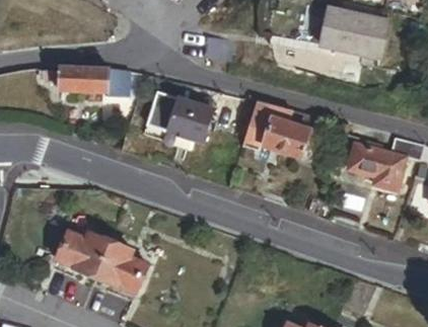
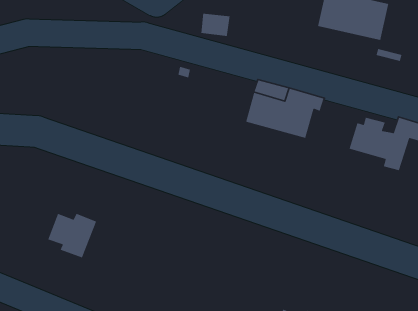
building: [43,68,131,97] -> none
building: [148,91,215,145] -> none
building: [88,236,140,284] -> none

